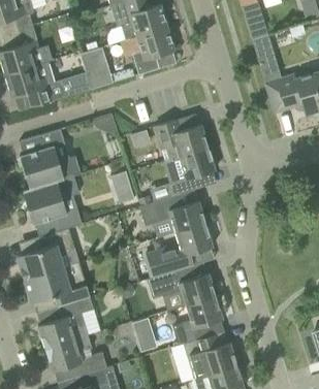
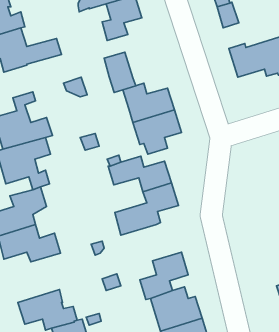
building: [79,47,113,90] -> [104,52,136,93]
building: [147,267,215,305] -> none
building: [37,297,93,349] -> none

